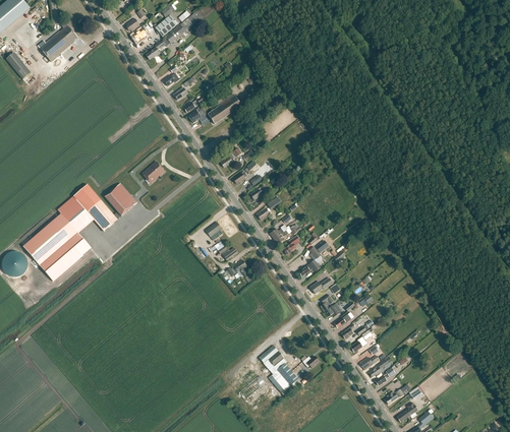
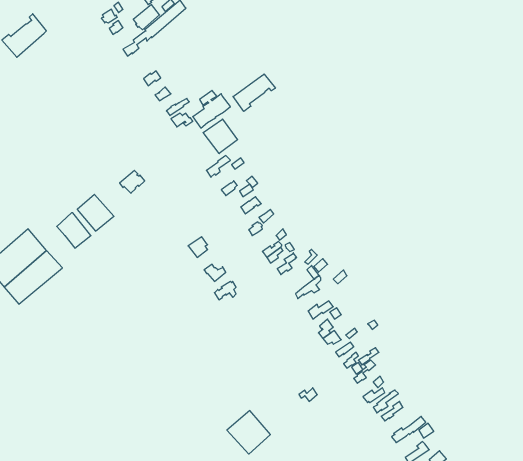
building: none -> [233,74,275,111]
building: none -> [203,119,238,154]
building: [58,184,100,233] -> none
building: [260,345,299,392] -> none

